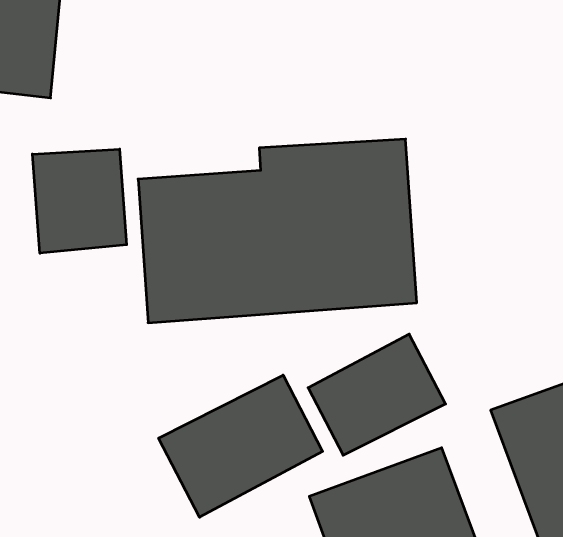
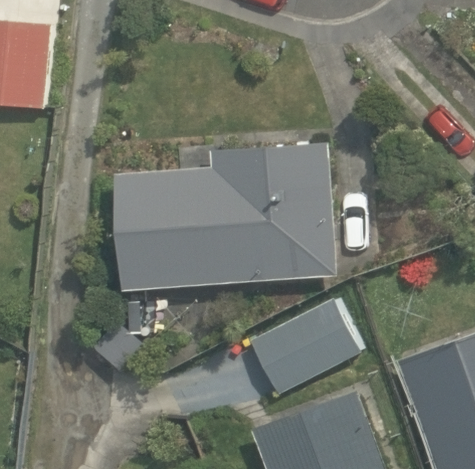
building: [32,149,127,253] -> none
building: [159,375,323,517] -> none

